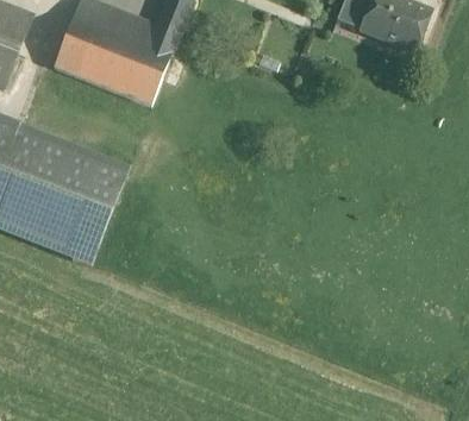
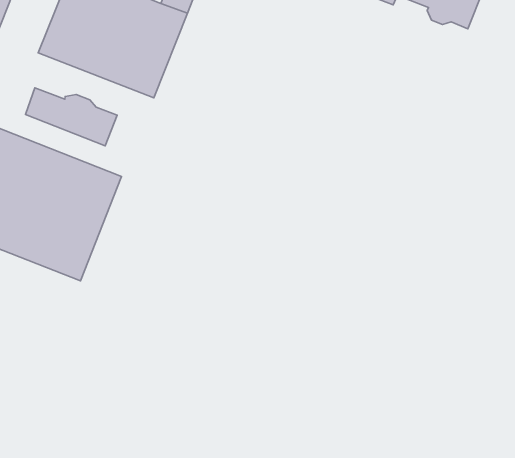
building: none -> [25,88,117,146]

